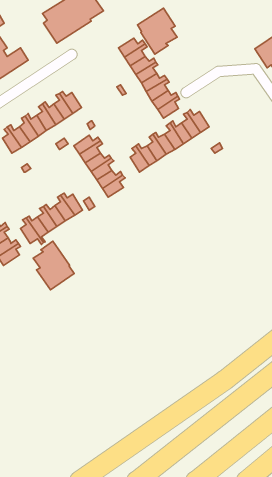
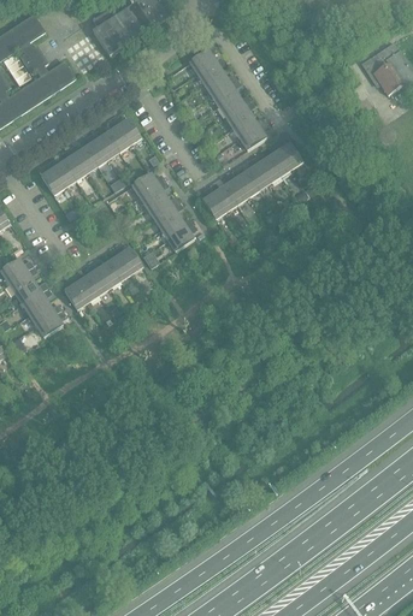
building: [137,8,177,54] -> none
building: [33,241,74,290] -> none

